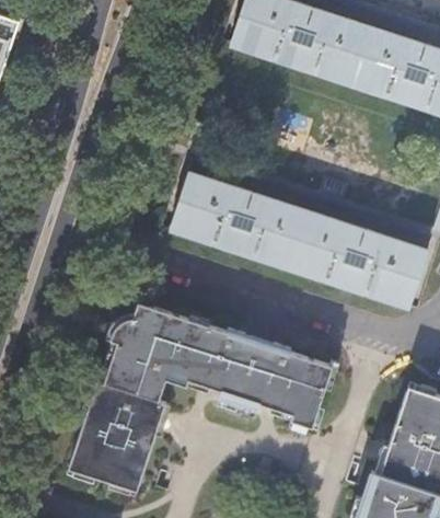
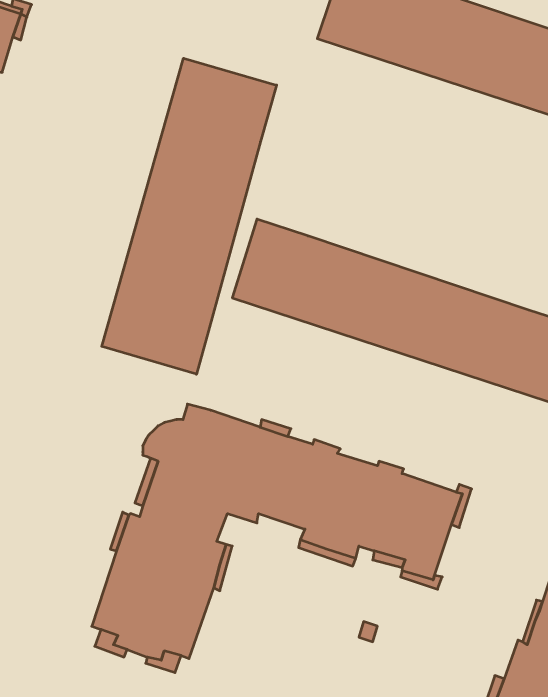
building: none -> [102,58,277,374]

